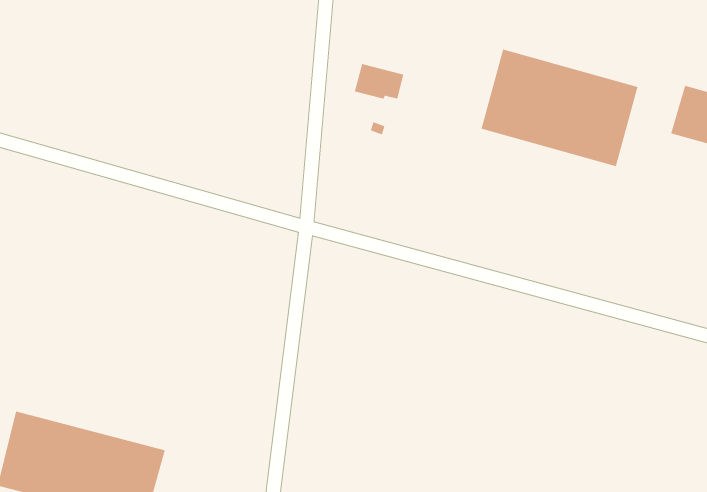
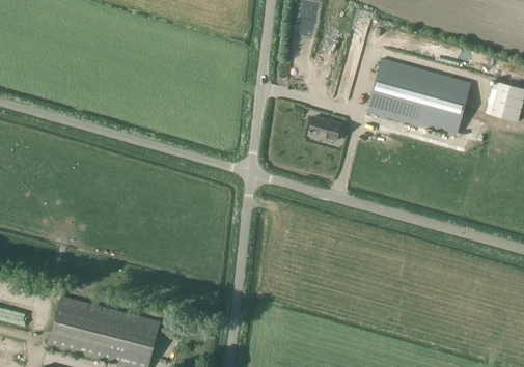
building: [354,63,404,100] -> [307,116,340,140]

